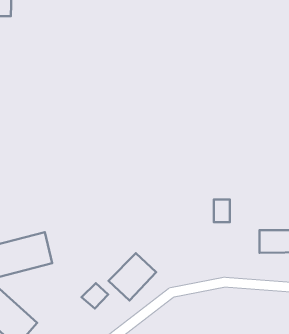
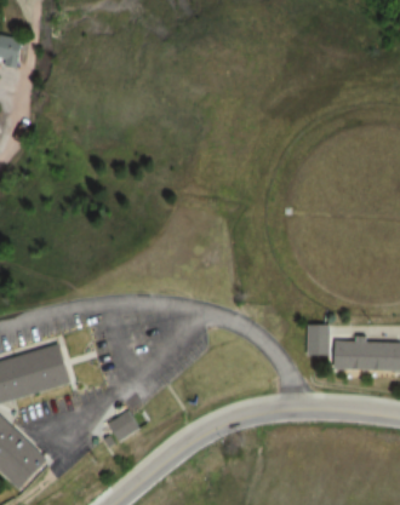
building: [214,200,230,222] -> [307,325,327,354]
building: [108,253,156,300] -> none

